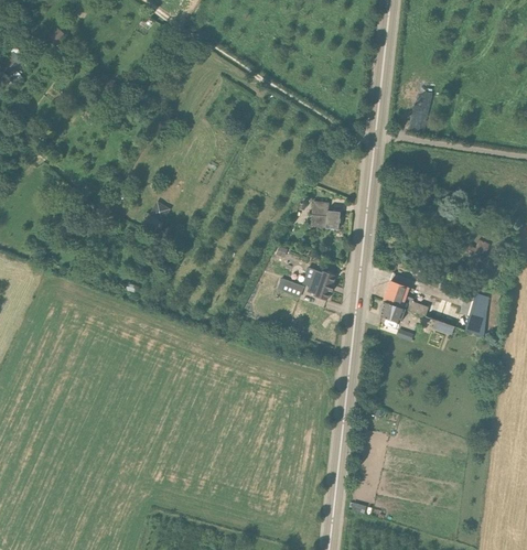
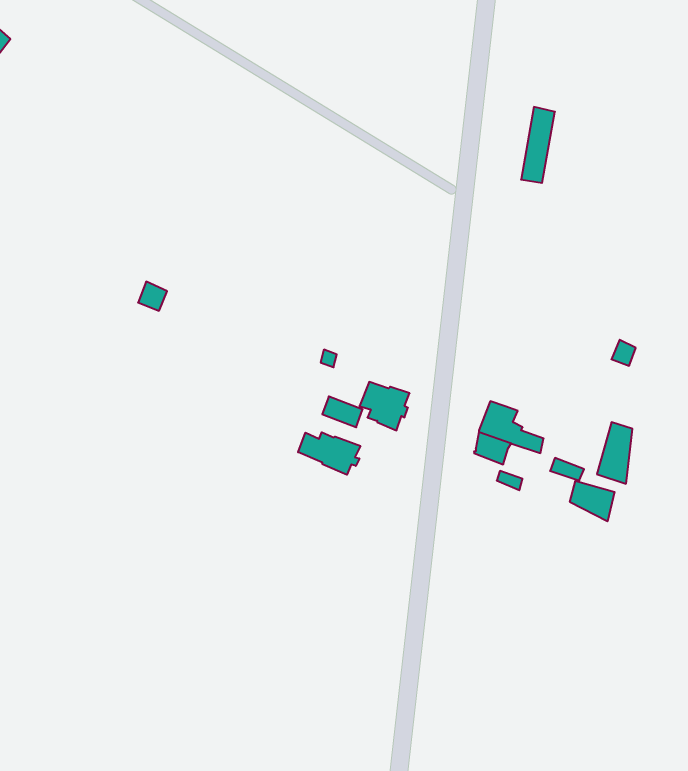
building: [309,199,340,228] -> none
building: none -> [298,432,360,475]
building: none -> [570,481,615,521]

